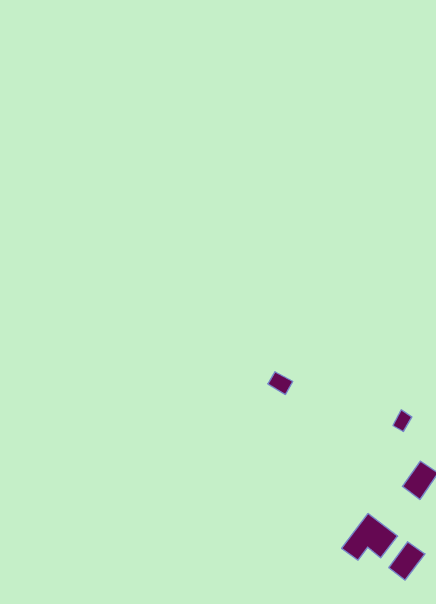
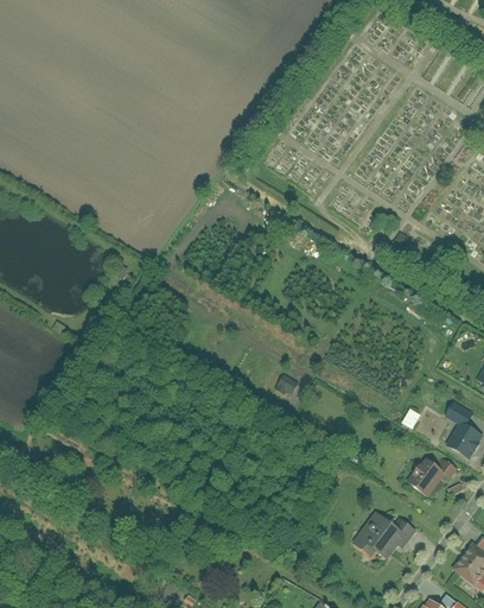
building: [389,542,425,580] -> none

